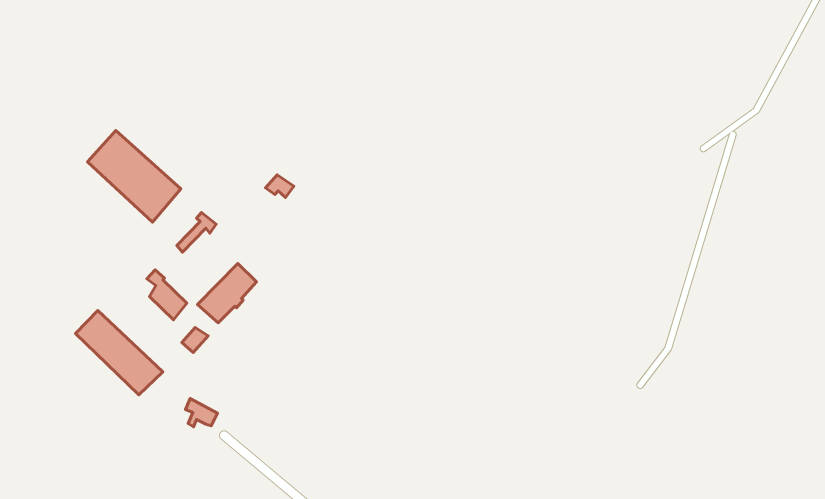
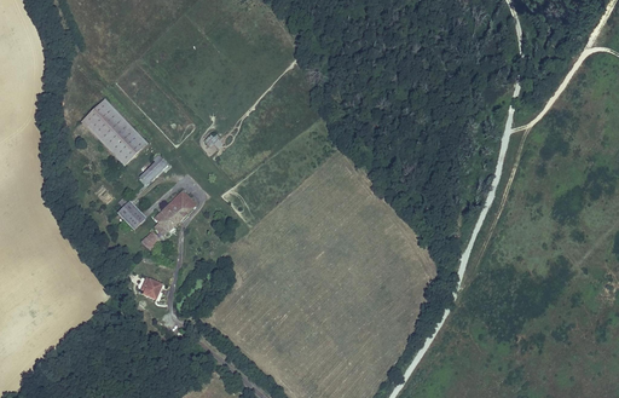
building: [76,310,163,395] -> none

